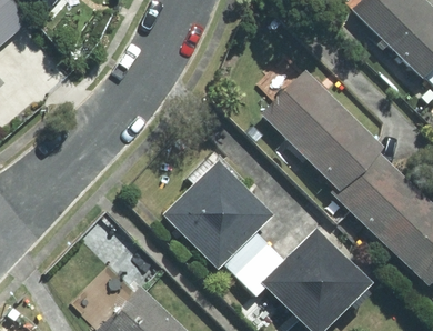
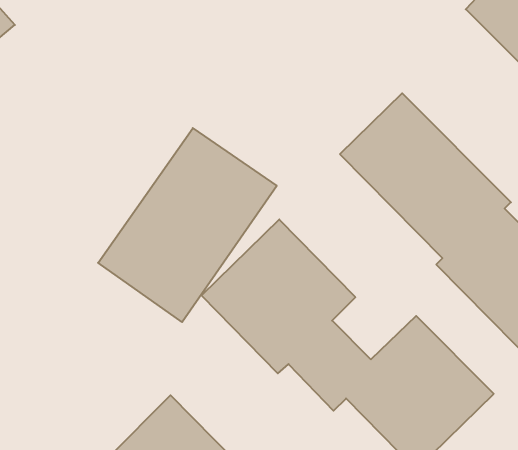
building: none -> [98,128,277,322]

